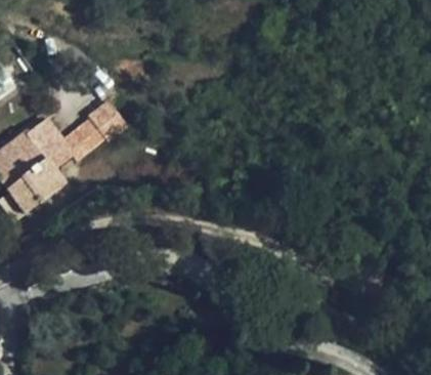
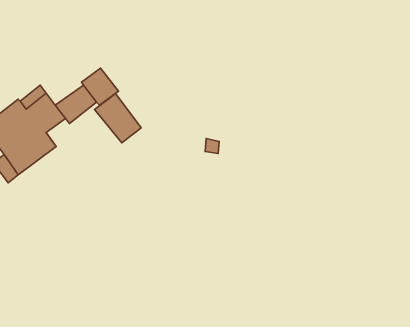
building: none -> [94,94,141,143]

